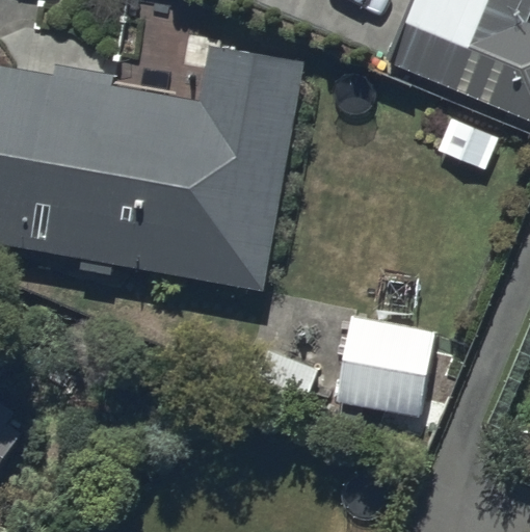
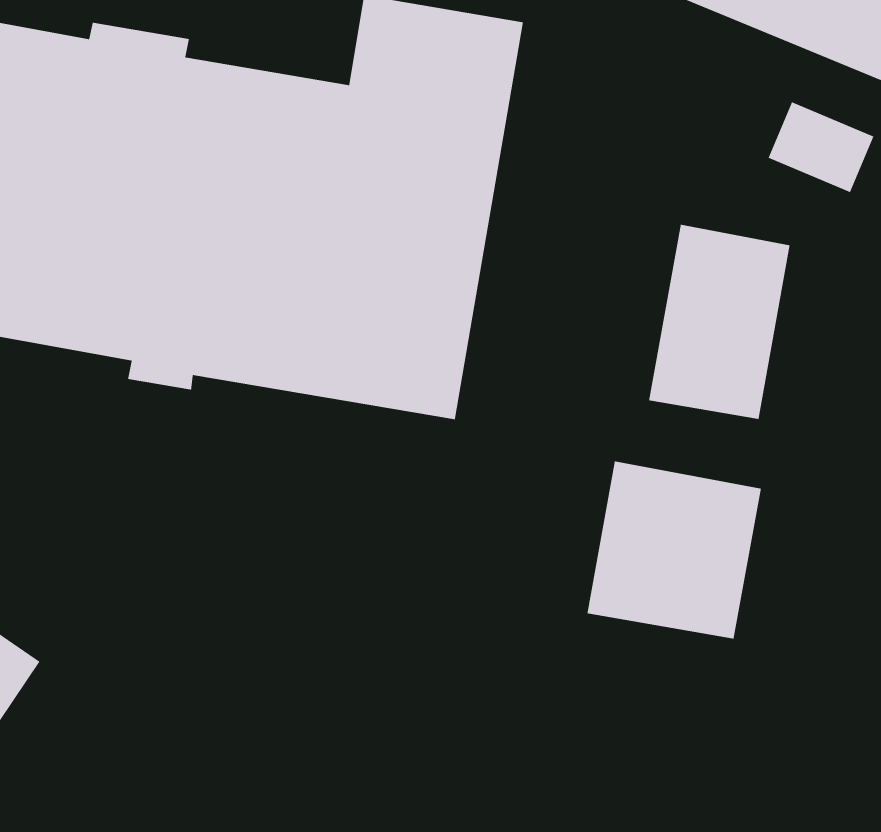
building: none -> [648,224,791,420]

